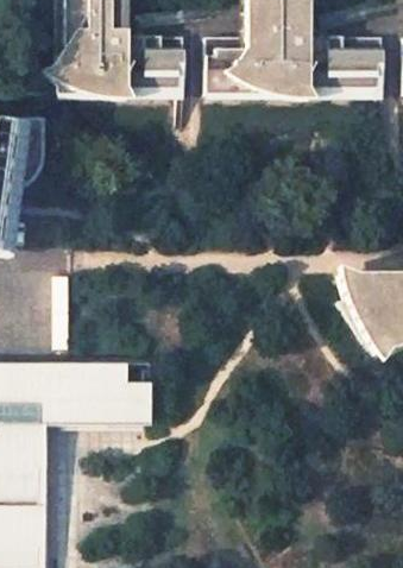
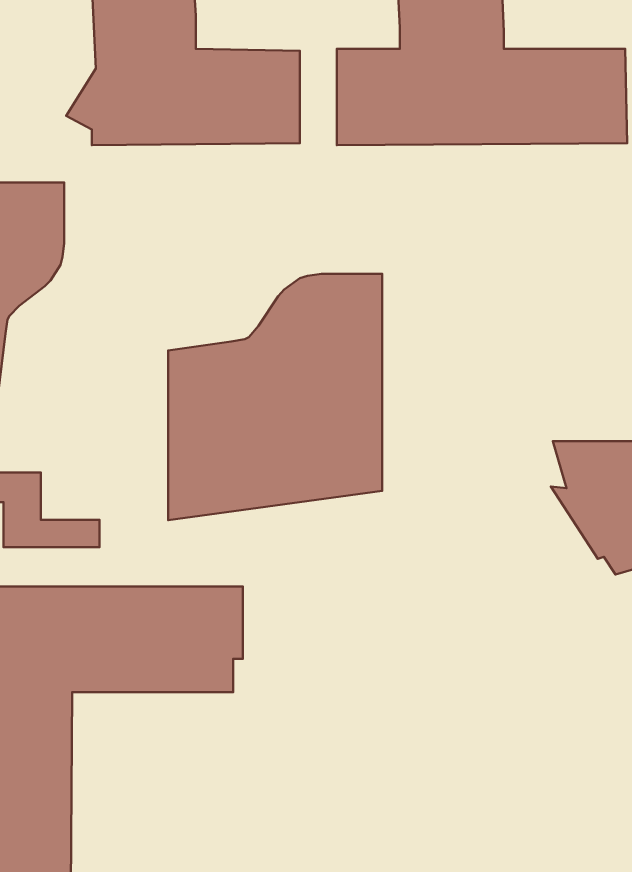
building: none -> [168,274,382,520]

